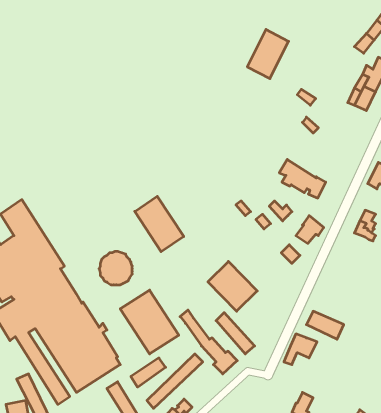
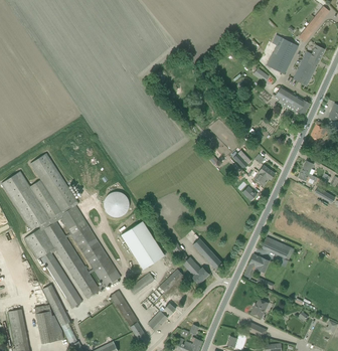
building: [247,29,289,79] -> [267,37,298,74]
building: [279,159,326,198] -> [275,86,310,116]
building: [135,196,184,252] -> none
building: [208,261,257,311] -> none

